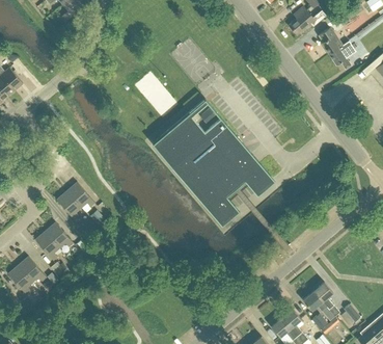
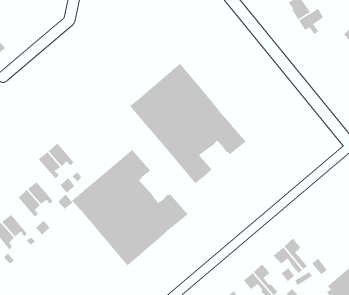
building: none -> [71,149,189,266]

